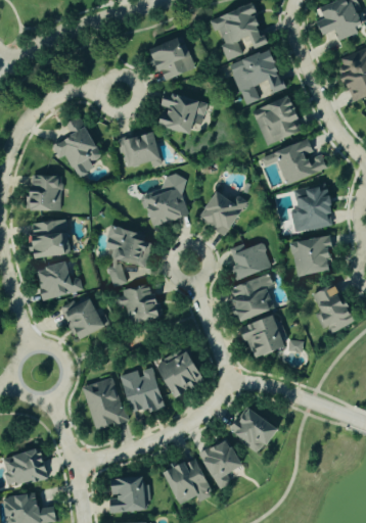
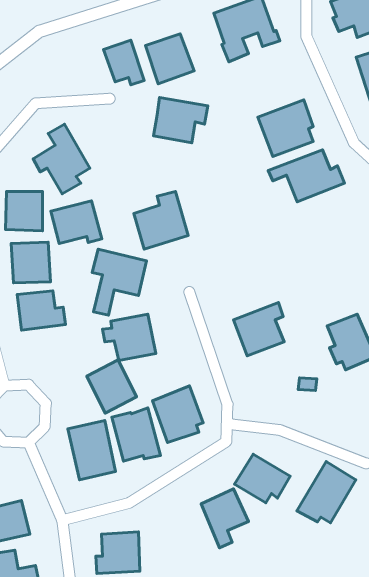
building: none -> [103,40,144,85]
building: [228,48,286,105] -> none
building: [118,131,163,169] -> [51,201,102,244]
building: [290,185,334,232] -> none
building: [201,186,246,235] -> none
building: [290,236,333,276] -> none
building: [227,243,270,279] -> none
building: [60,294,104,341] -> [87,360,137,413]
building: [242,317,284,358] -> none
building: none -> [297,462,356,523]
building: [164,457,213,505] -> none

